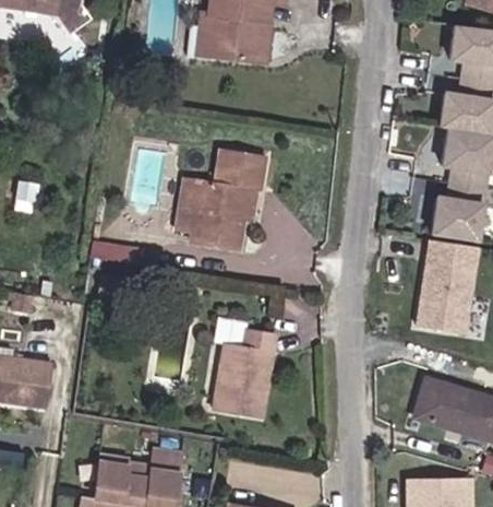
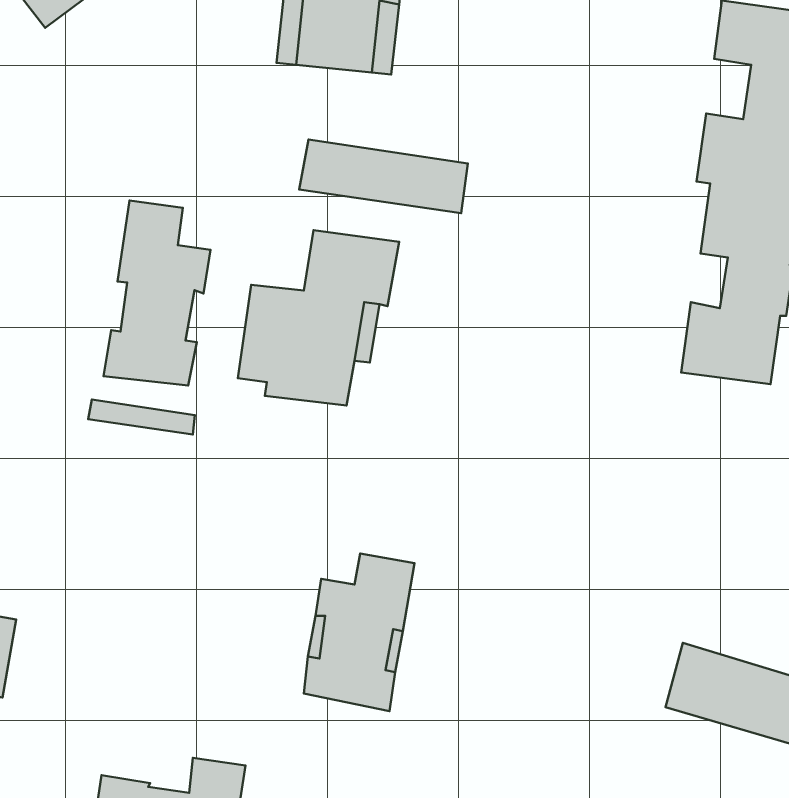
building: none -> [299,139,468,213]
building: none -> [103,200,210,385]
building: [417,239,481,333] -> none

